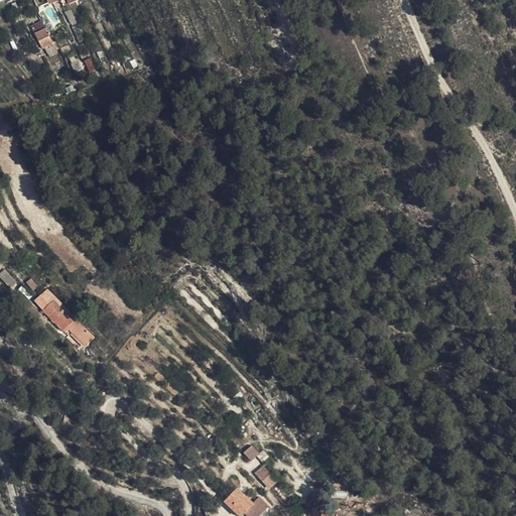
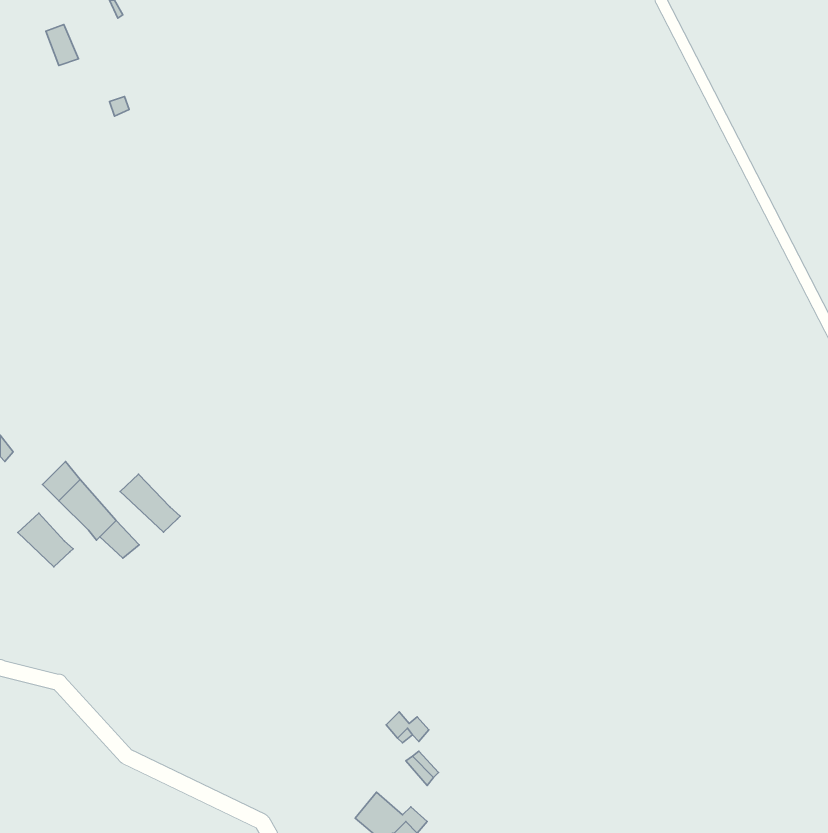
building: none -> [120,474,180,532]
building: none -> [18,513,73,567]

